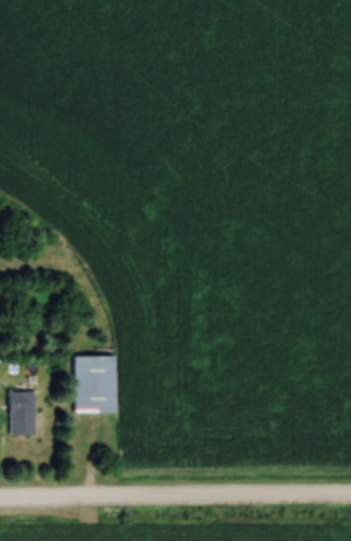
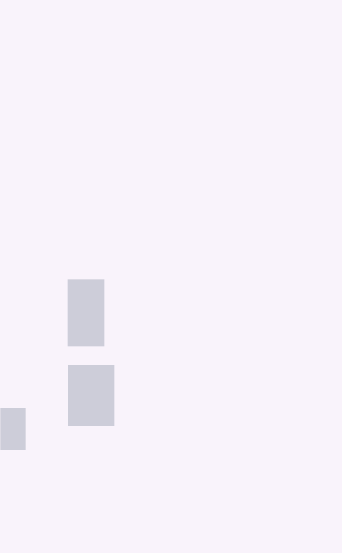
building: none -> [67,279,105,347]

